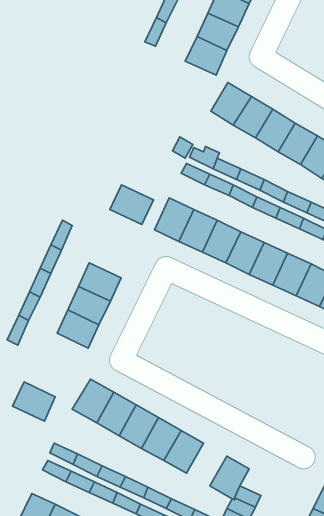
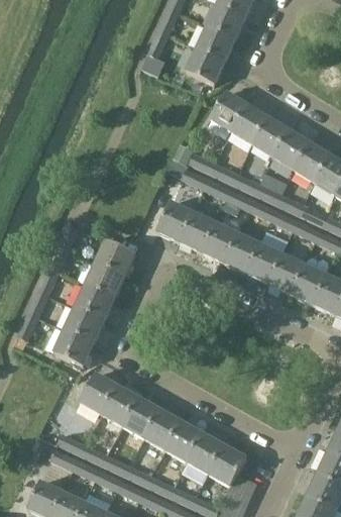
building: [110,185,153,224] -> [95,238,136,276]
building: [12,382,55,421] -> [53,328,94,366]
building: none -> [187,432,225,473]

